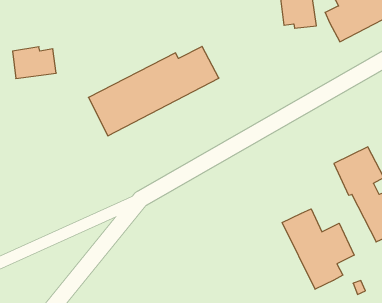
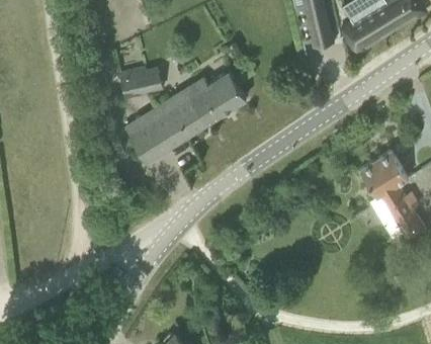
building: [13,47,56,78] -> [119,67,162,98]
building: [282,209,354,289] -> none

